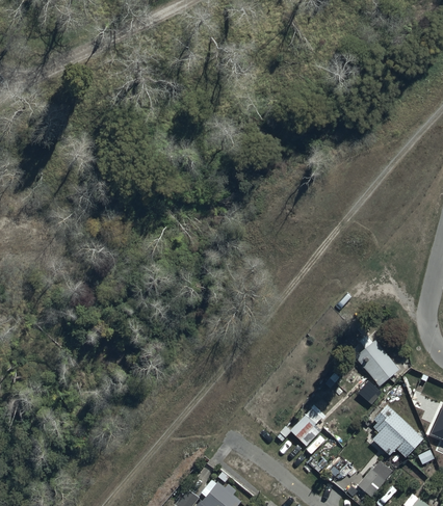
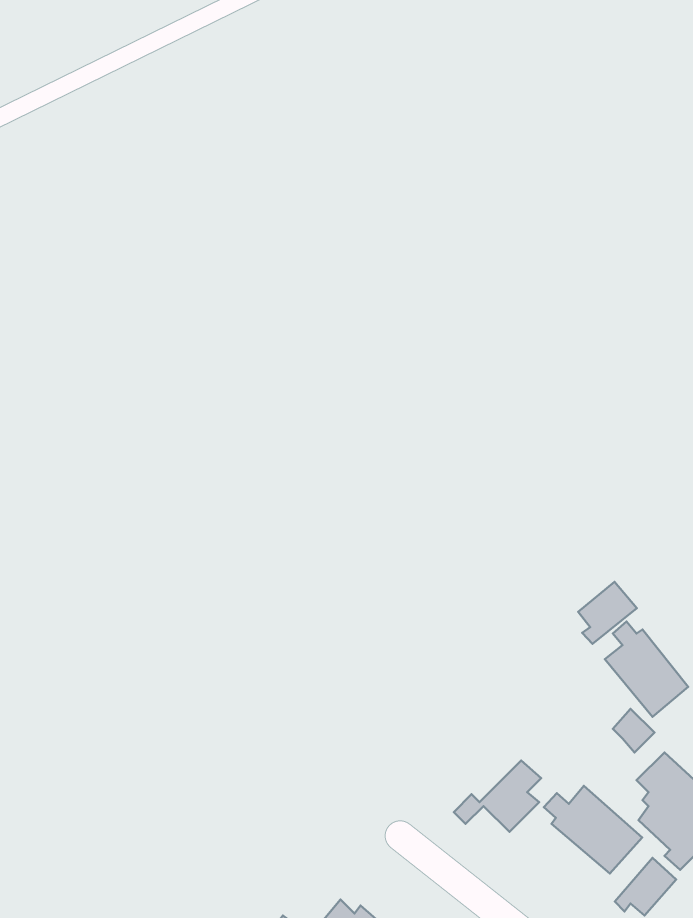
building: none -> [578,582,637,644]
building: none -> [544,786,642,874]

